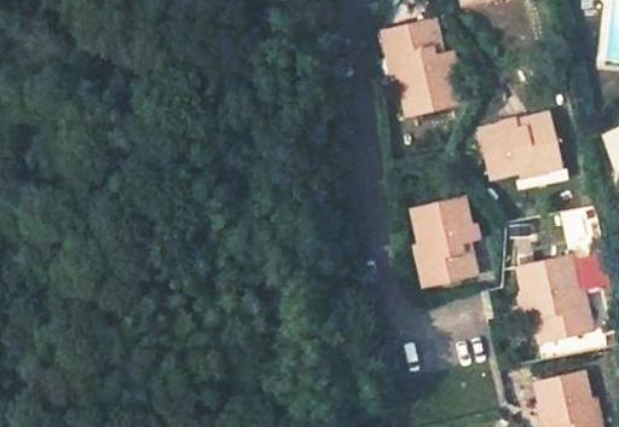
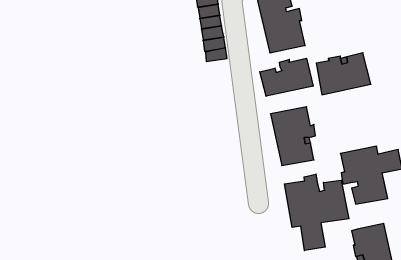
building: none -> [260,58,313,96]
building: none -> [284,174,349,251]

